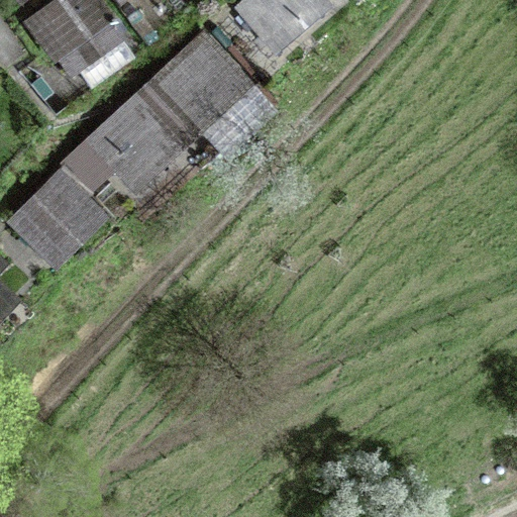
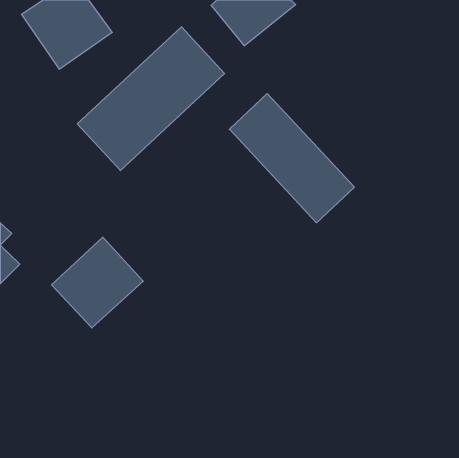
building: none -> [229,94,354,223]
building: [6,167,109,269] -> [52,237,143,328]

